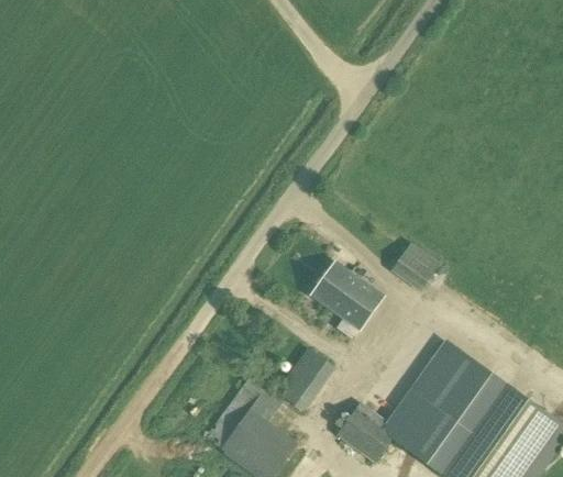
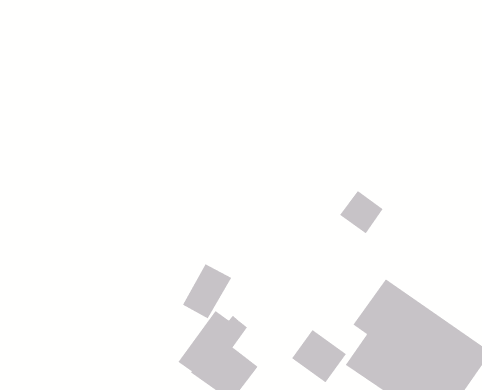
building: [310,262,384,331] -> none
building: [283,343,340,407] -> [182,263,232,319]

